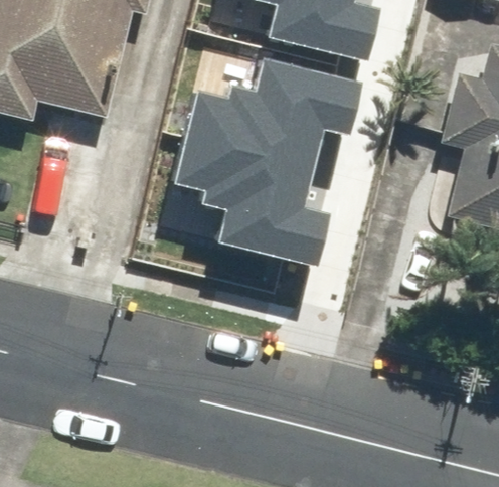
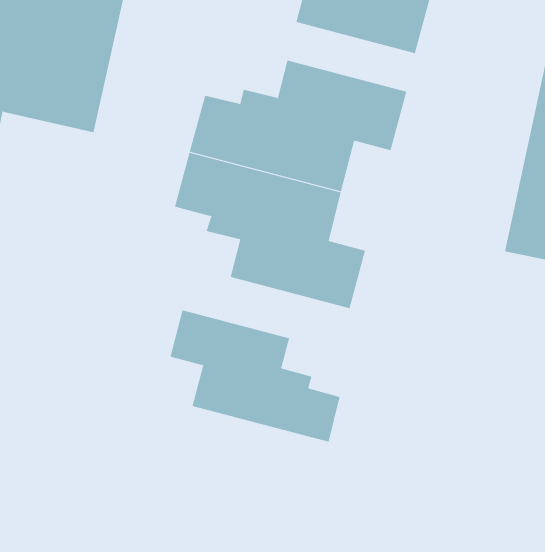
building: none -> [170,310,340,443]

